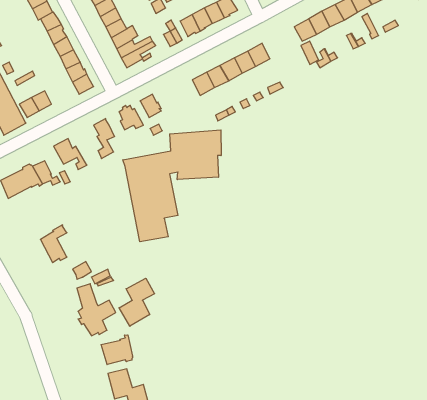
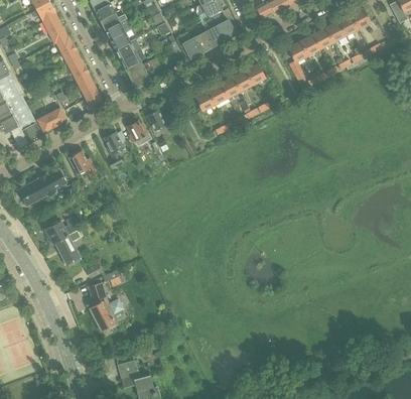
building: [123,130,221,242] -> none
building: none -> [44,216,79,244]
building: [119,278,155,326] -> none
building: [101,335,133,365] -> none

